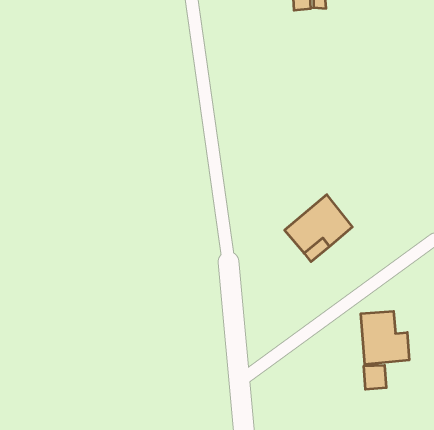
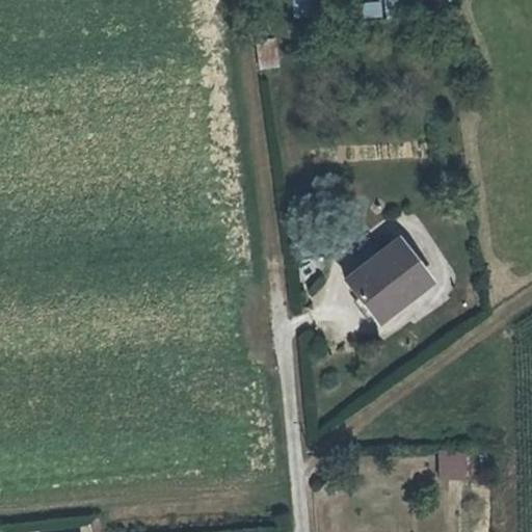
building: [361,311,409,365] -> none

